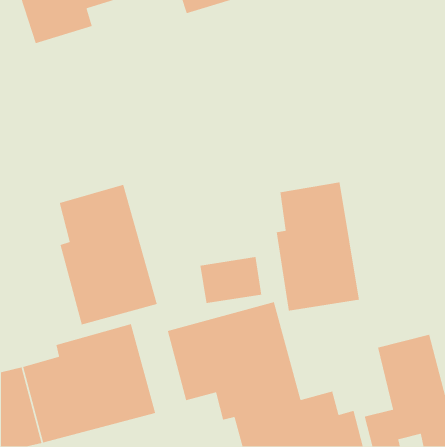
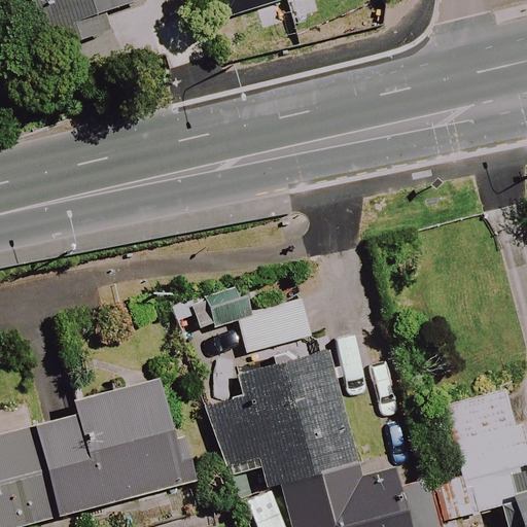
building: [276,182,360,311] -> none
building: [59,184,158,326] -> none

